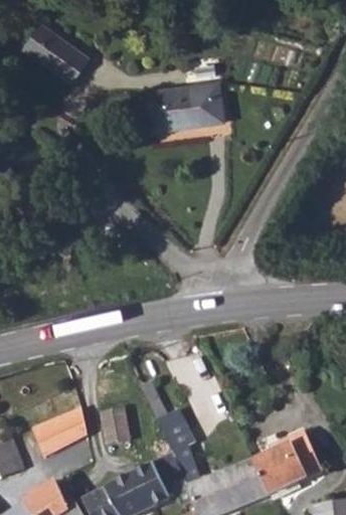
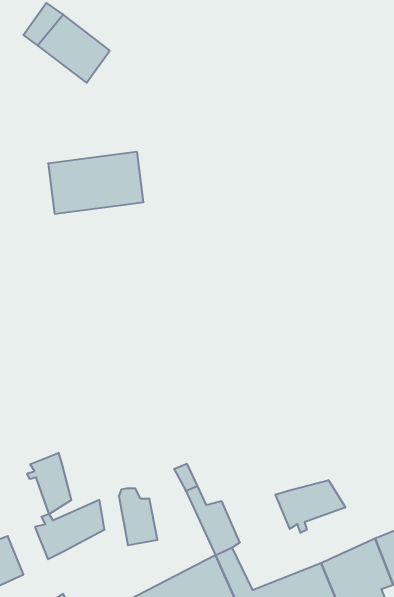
building: [146,83,220,132] -> [48,152,144,214]
building: none -> [27,453,71,514]
building: none -> [276,480,345,533]

